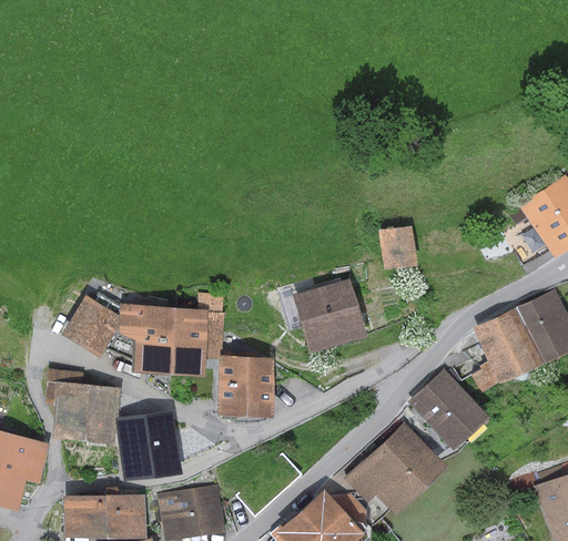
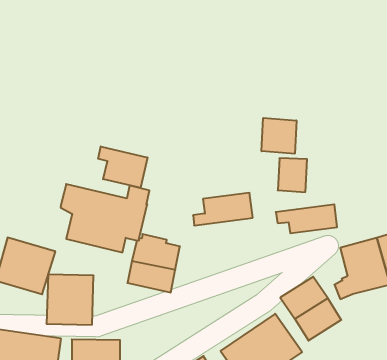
building: none -> [262,118,296,154]
building: none -> [98,146,147,188]
building: [60,295,119,358] -> none
building: [286,308,365,353] -> [276,204,337,233]

